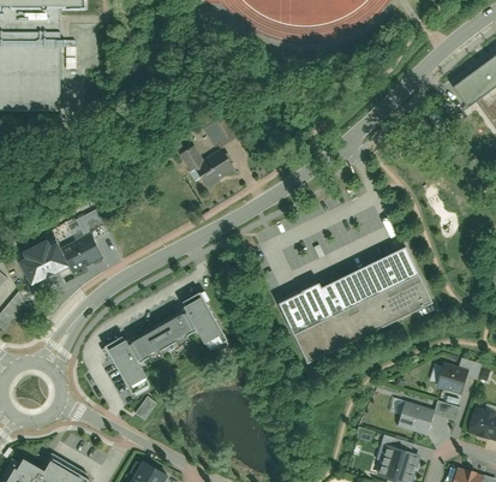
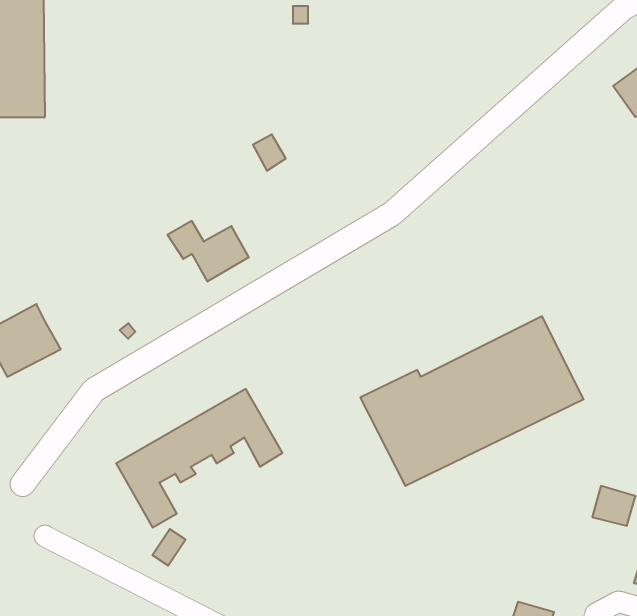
building: [179,145,235,188] -> [167,221,249,281]
building: [60,236,102,275] -> none
building: [404,403,436,435] -> none

